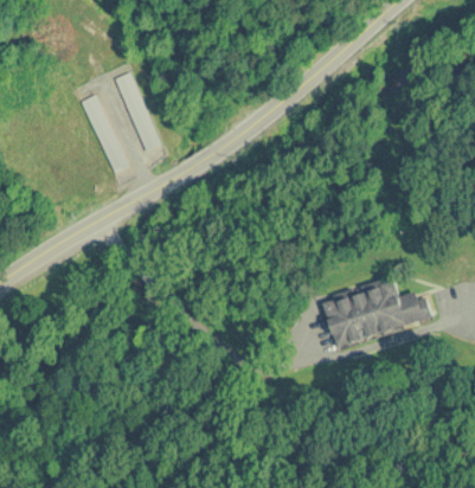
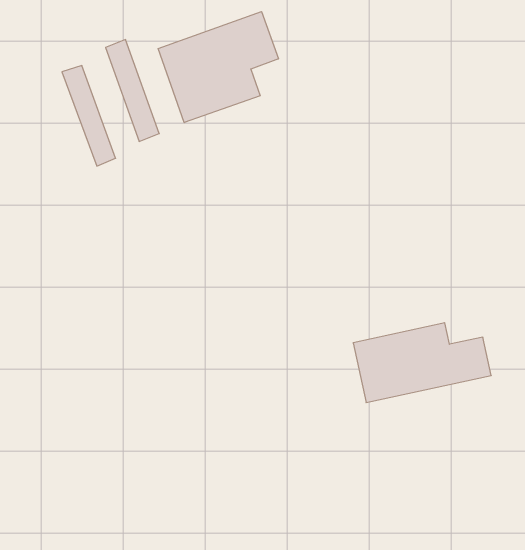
building: none -> [158,12,278,123]

